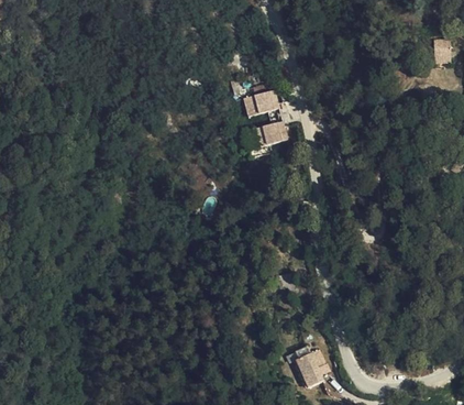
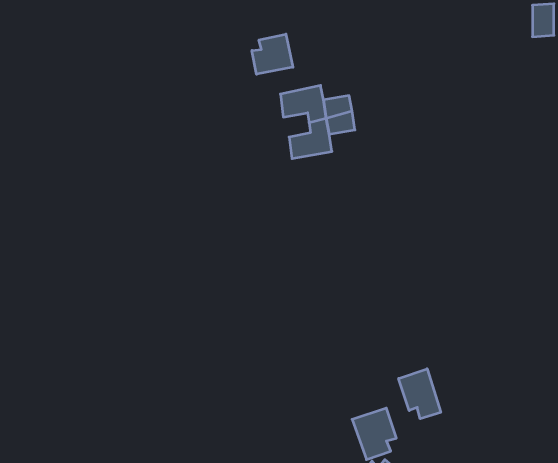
building: none -> [252,34,293,74]
building: none -> [399,369,441,419]

